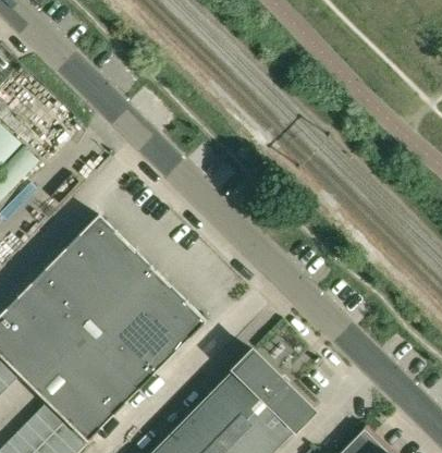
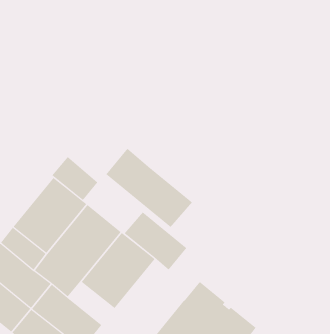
building: none -> [105,148,193,228]
building: none -> [52,156,98,201]
building: none -> [124,211,187,271]
building: [100,339,152,391] -> none

